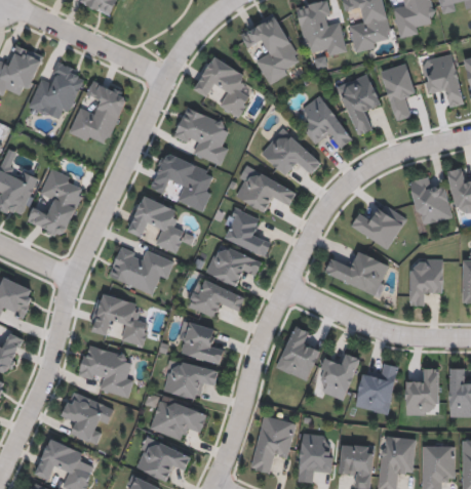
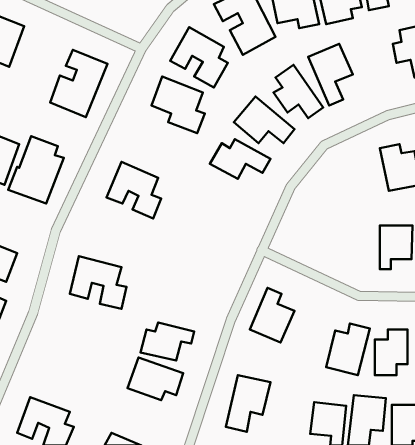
building: [30,62,83,119] -> none
building: [381,63,415,121] -> none
building: [149,151,214,212] -> none
building: [350,202,407,250] -> none
building: [221,207,273,256] -> none
building: [204,246,262,288] -> none
building: [108,248,173,294] -> none
building: [324,251,391,296] -> none
building: [186,276,244,318] -> none
building: [178,320,225,364] -> none
building: [78,344,134,398] -> none
building: [317,352,359,401] -> none
building: [61,392,114,445] -> none
building: [297,433,335,482] -> none
building: [135,441,191,483] -> none

